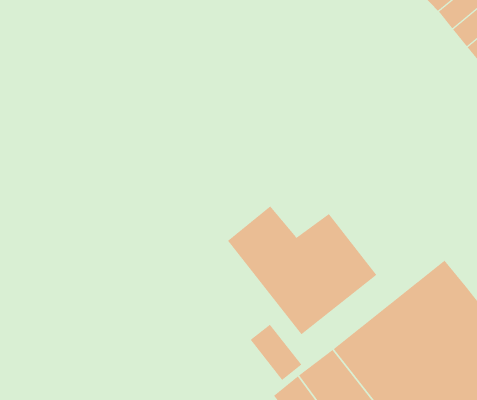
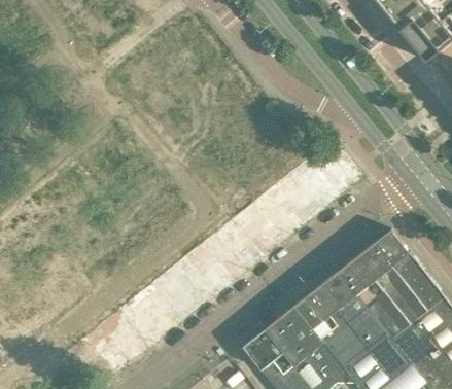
building: [227,206,377,335] -> none
building: [250,324,302,381] -> none

